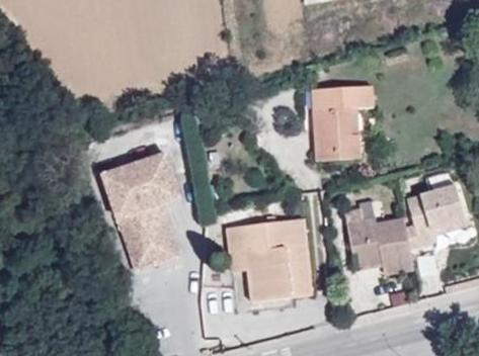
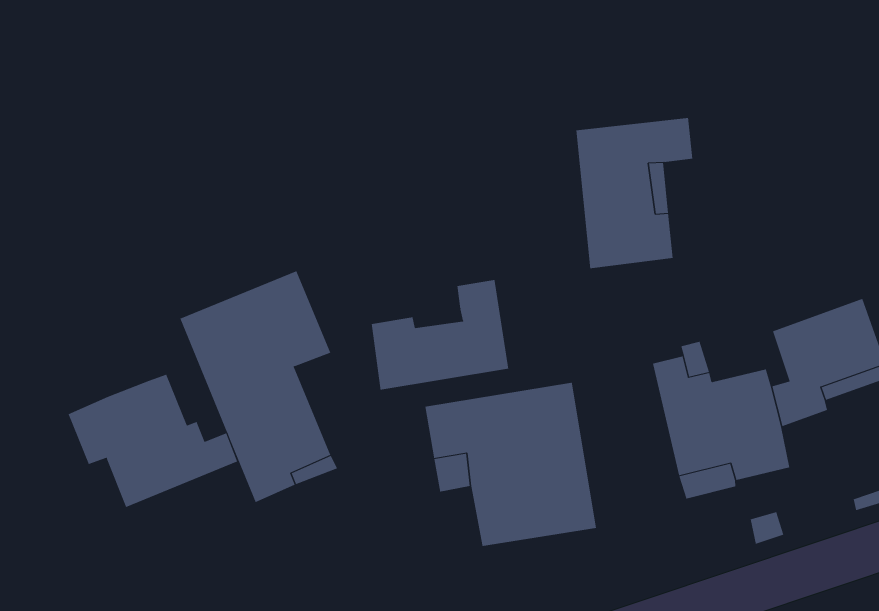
building: none -> [371,279,509,390]
building: none -> [68,374,238,508]

